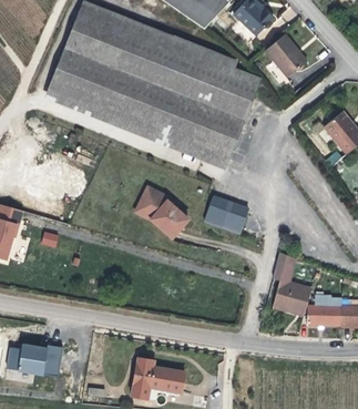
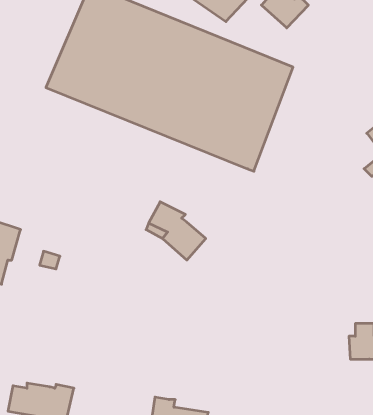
building: [263,34,306,79] -> none
building: [203,195,247,234] -> none
building: [270,255,311,321] -> none

